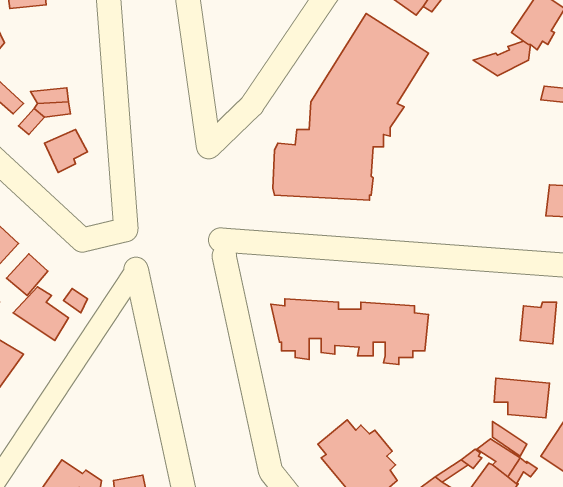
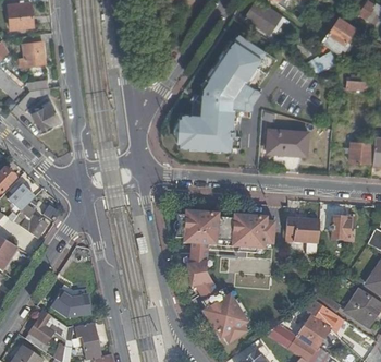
building: none -> [19,41,44,67]
building: none -> [265,134,307,155]
building: none -> [185,255,216,298]
building: [494,378,549,418] -> [284,218,319,243]
building: none -> [50,292,90,319]

